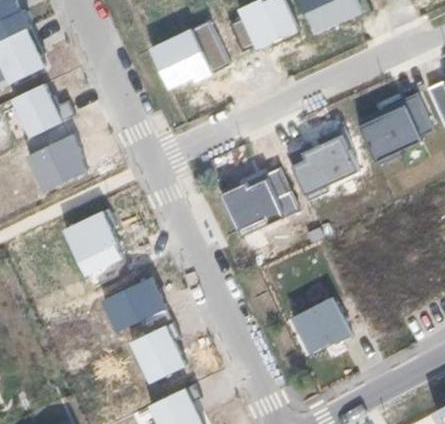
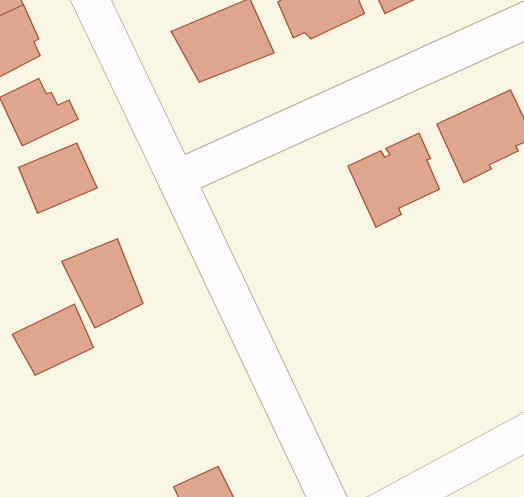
building: [220,168,297,236] -> none
building: [101,276,165,332] -> [12,304,94,375]
building: [292,296,351,355] -> none
building: [132,324,187,384] -> none

